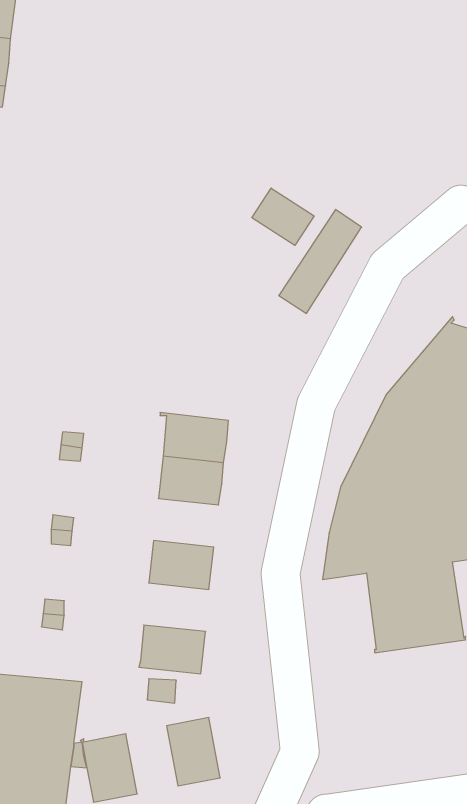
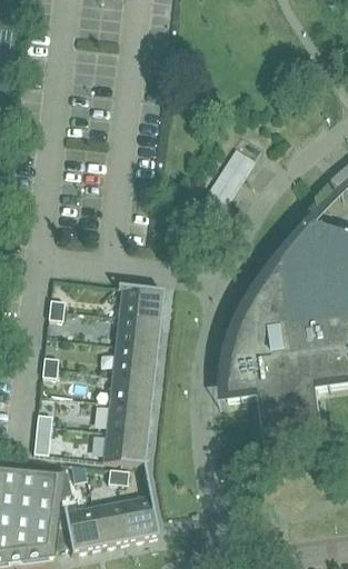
building: [252,188,314,245] -> none
building: none -> [111,343,156,377]
building: none -> [105,401,149,435]
building: none -> [92,499,128,546]

